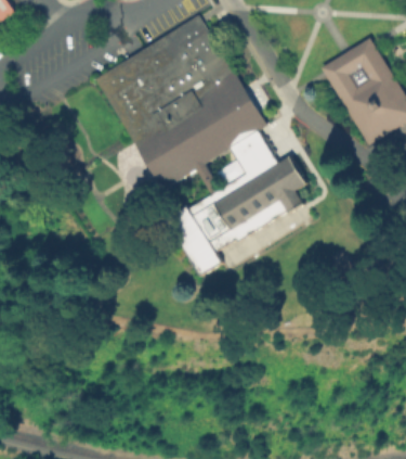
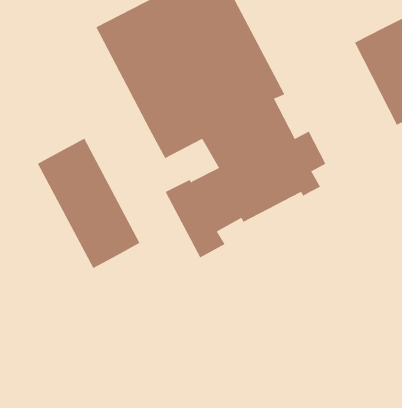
building: none -> [37,138,140,269]

